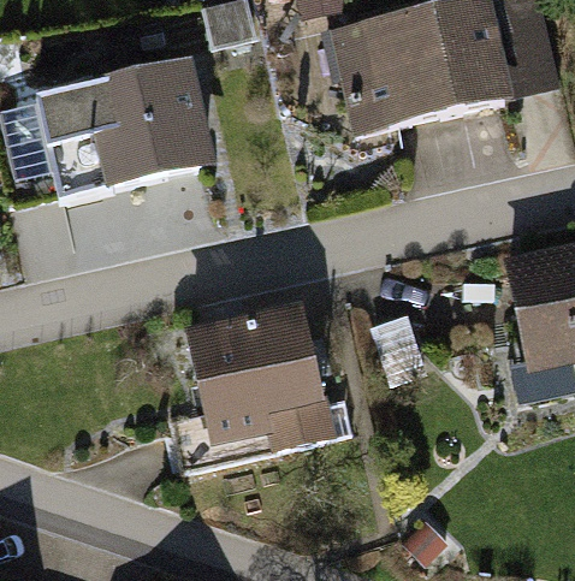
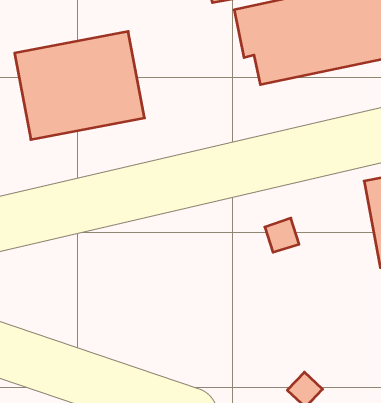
building: [183,297,334,444] -> none

